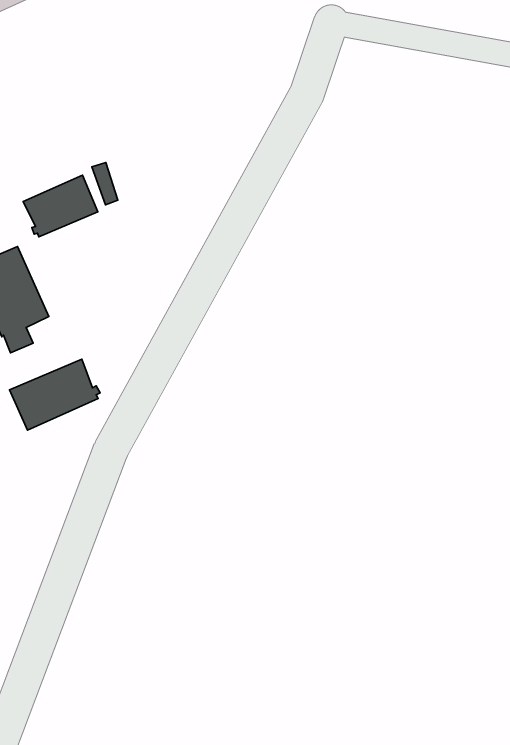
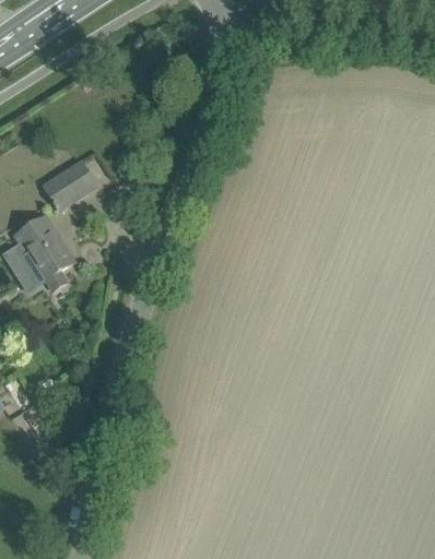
building: [10,359,100,430] -> none

